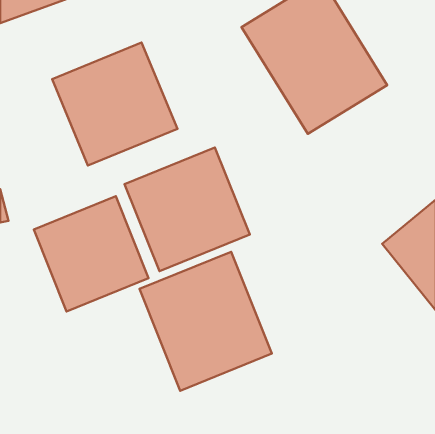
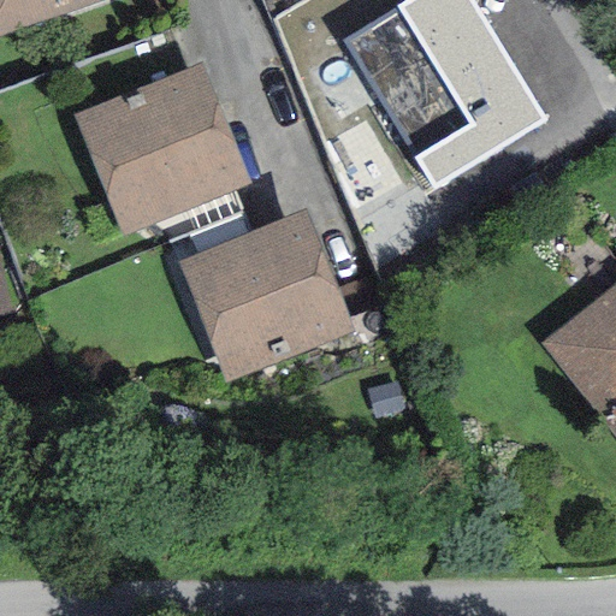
building: [34,196,148,311] -> none
building: [139,252,272,391] -> none

